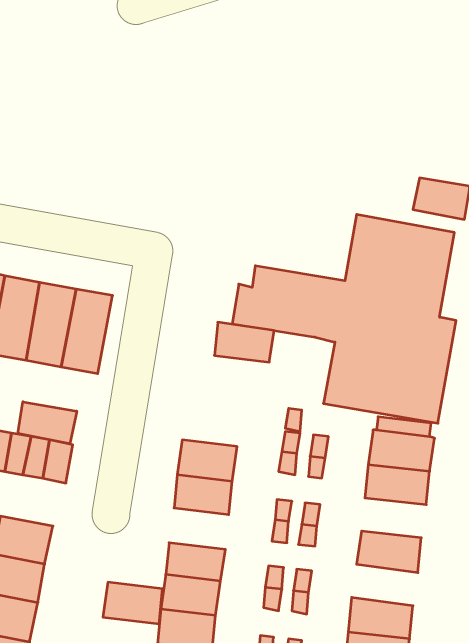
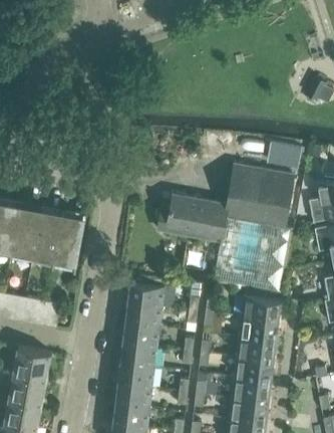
building: [214,322,274,362] -> [128,282,164,306]
building: [18,402,77,444] -> none
building: none -> [237,338,276,362]
building: none -> [231,378,271,403]
building: [103,582,163,624] -> [120,344,156,369]

